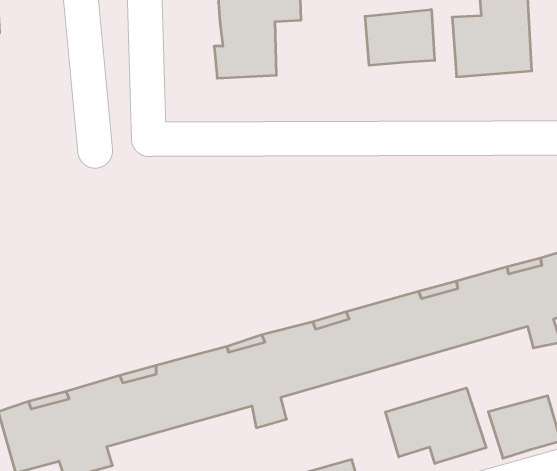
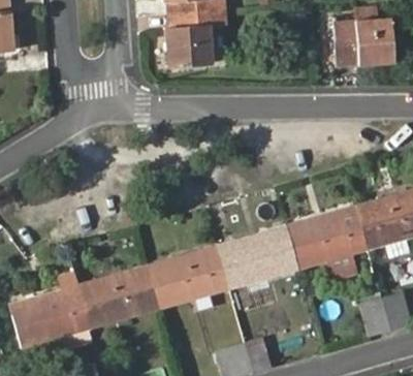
building: [365,9,435,65] -> none
building: [385,388,486,464] -> none

